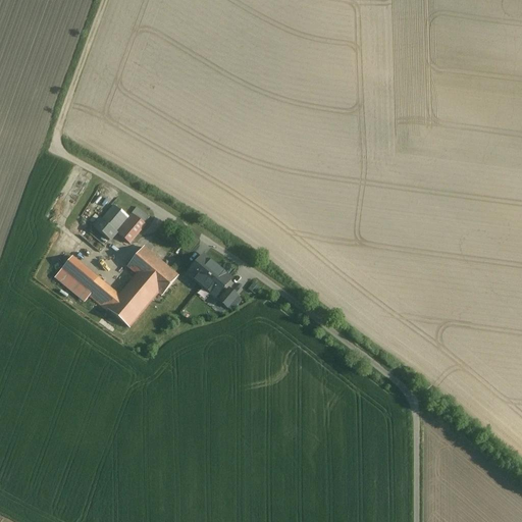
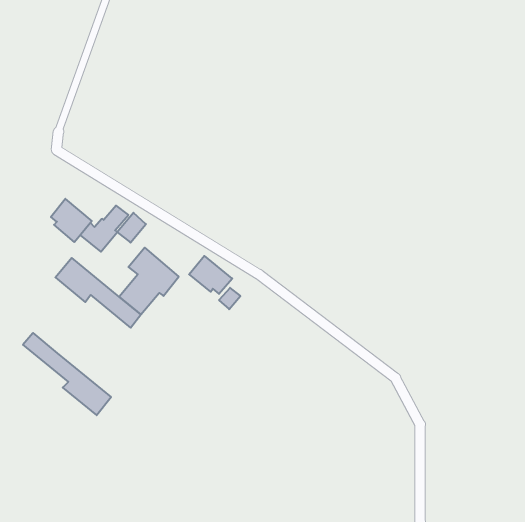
building: none -> [51,199,92,242]
building: none -> [23,333,111,415]

